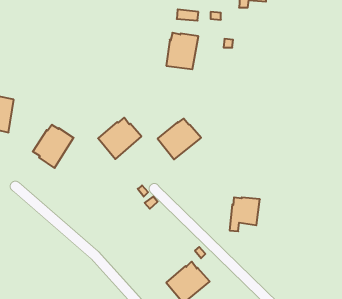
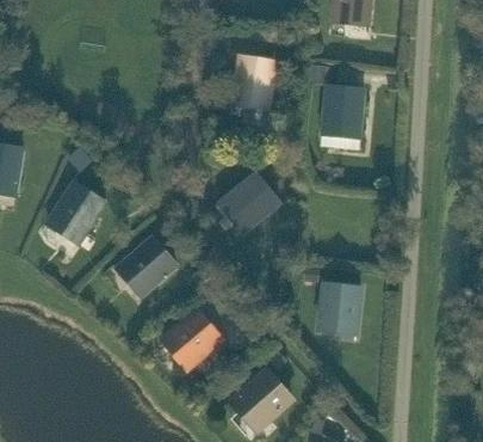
building: none -> [323,88,364,137]
building: [98,118,141,159] -> [117,239,177,296]
building: none -> [162,309,222,361]

